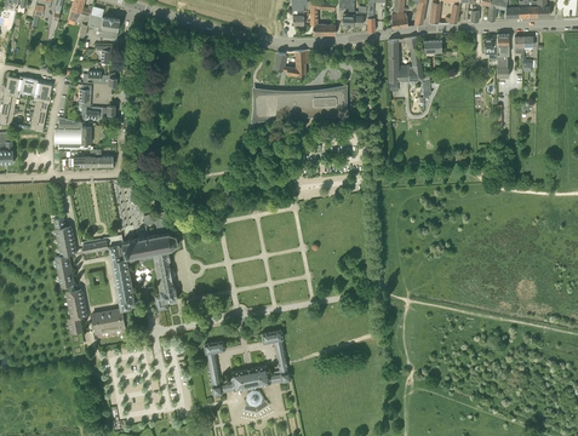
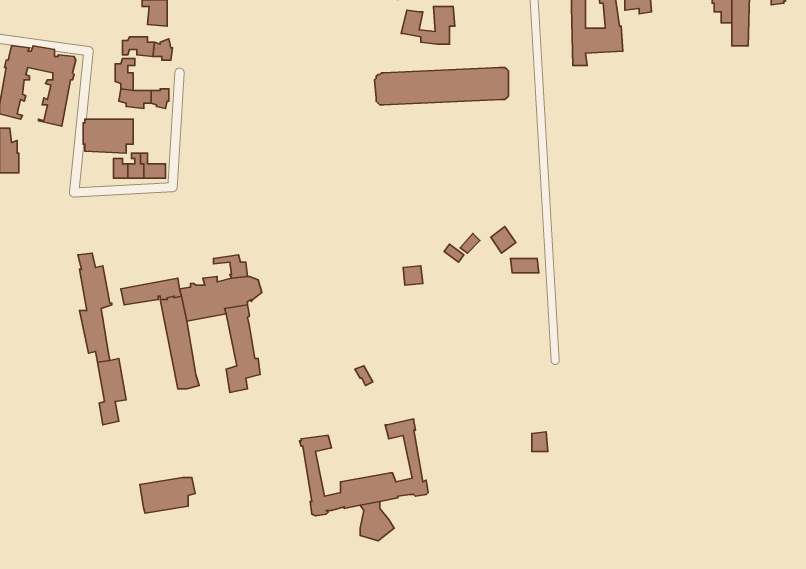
building: [92,309,130,333] -> [140,477,195,513]

